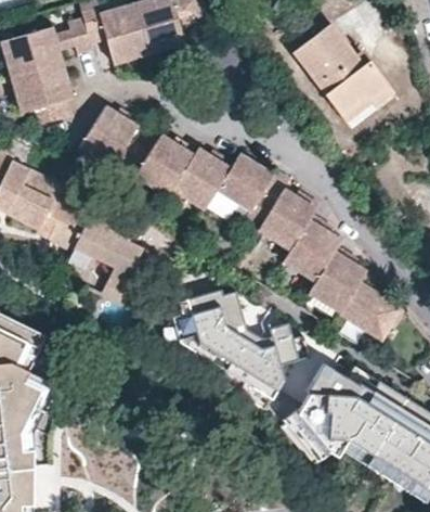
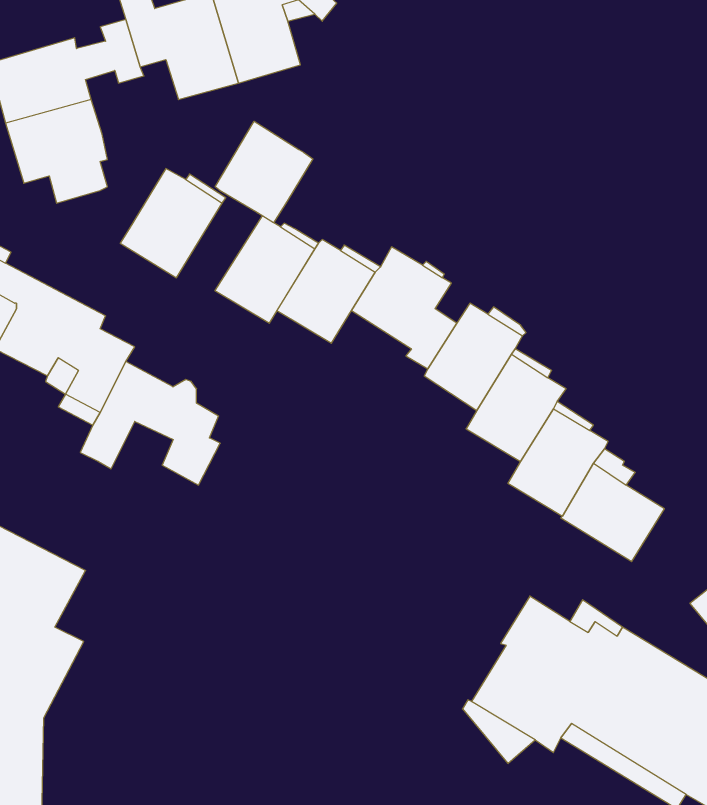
building: [295,23,389,117] -> none
building: none -> [215,121,313,223]
building: [171,290,297,398] -> none

